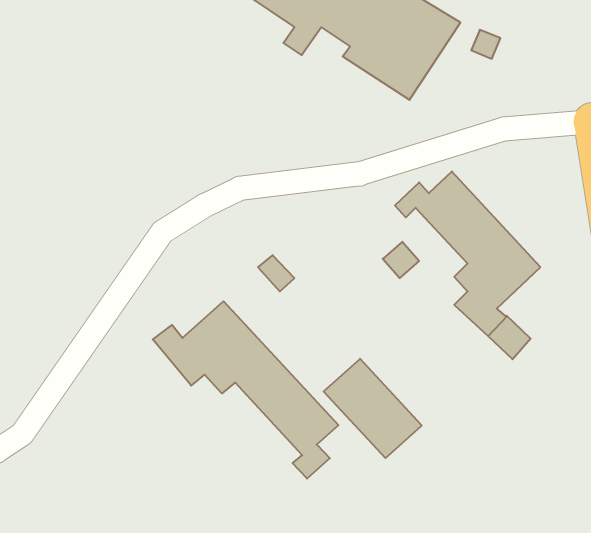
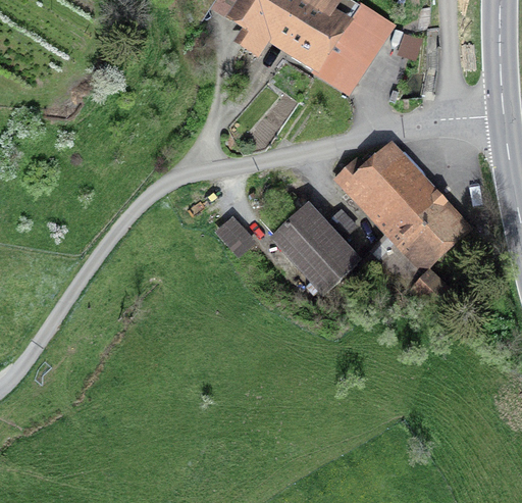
building: [153,301,338,479] -> none
building: [324,359,422,458] -> [275,208,358,292]

